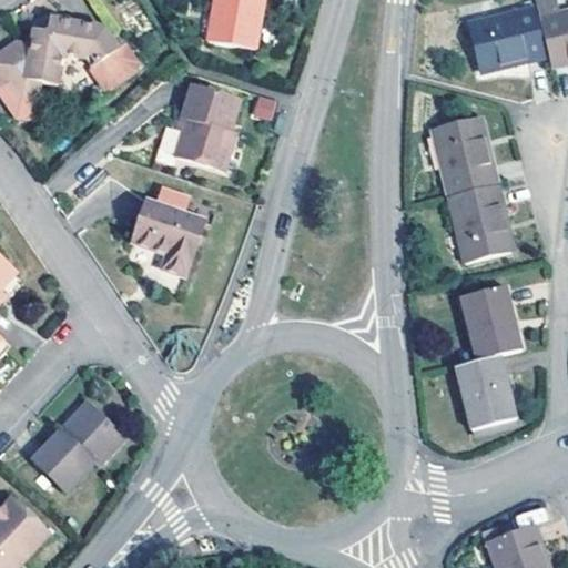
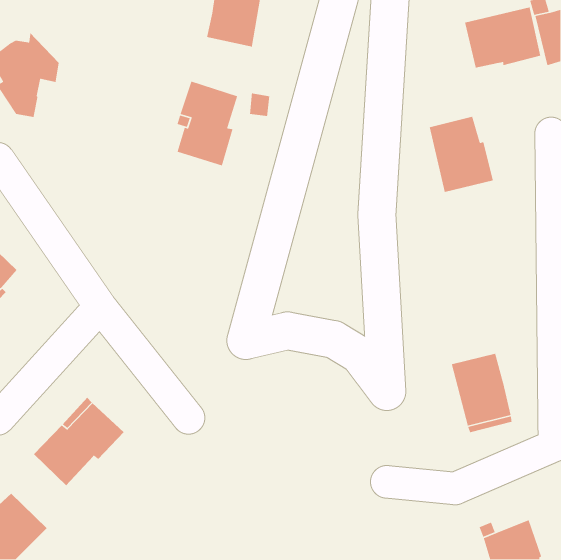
building: [29,16,139,89] -> none
building: [447,184,509,263] -> none
building: [132,199,204,275] -> none
building: [459,285,520,358] -> none

